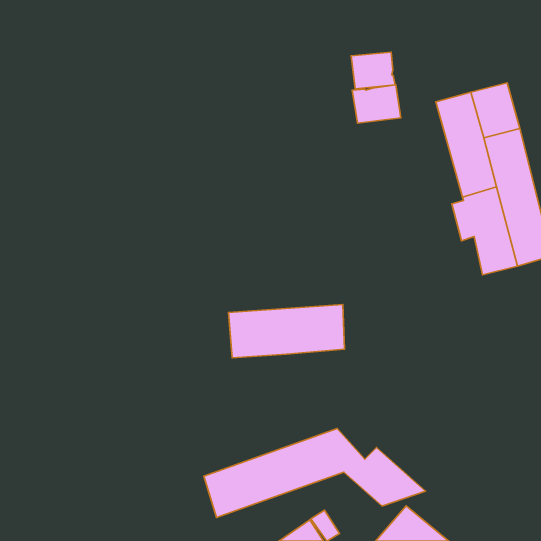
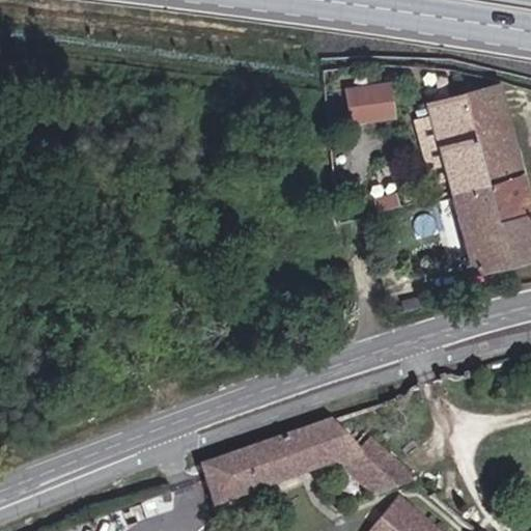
building: [351,52,395,89] -> none
building: [229,304,345,358] -> none

